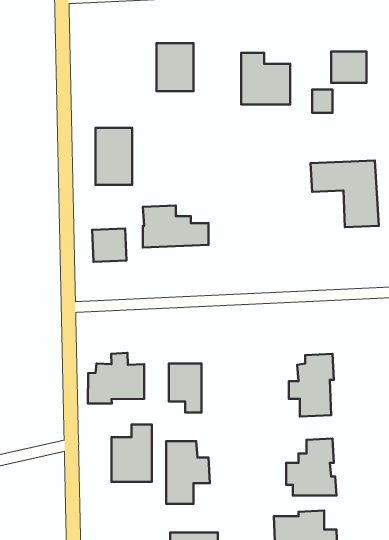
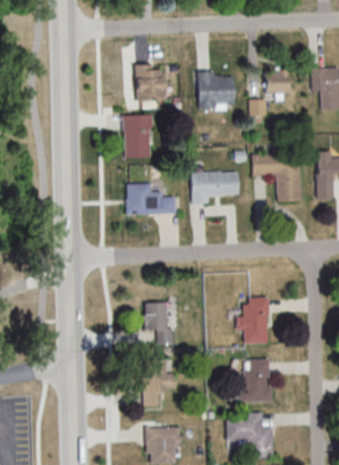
building: [95,128,132,185] -> [125,115,153,158]
building: none -> [189,170,237,203]
building: [92,228,126,262] -> none
building: [88,353,144,404] -> none
building: [111,424,152,482] -> none

